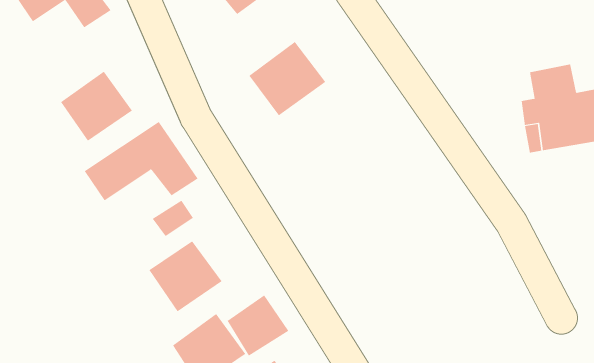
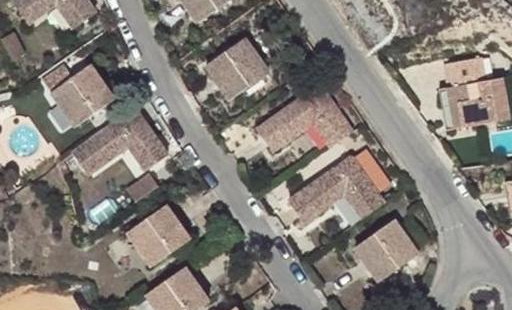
building: none -> [254,87,351,152]
building: none -> [284,153,383,223]
building: none -> [352,220,417,282]
building: [227,294,289,356] -> none

